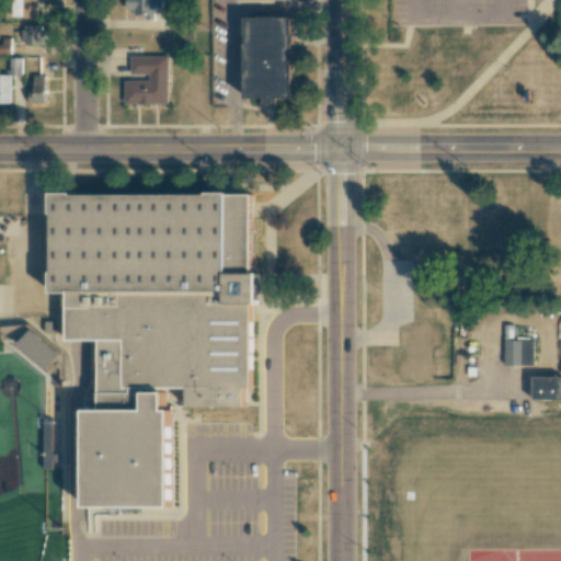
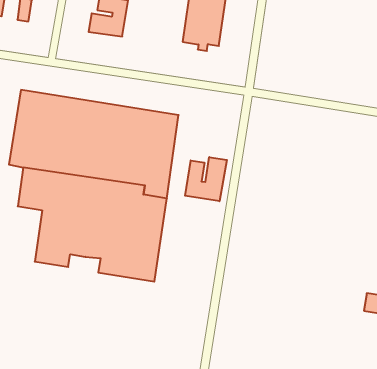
building: none -> [185,157,227,201]
building: [500,342,529,369] -> none
building: [82,391,168,506] -> none

